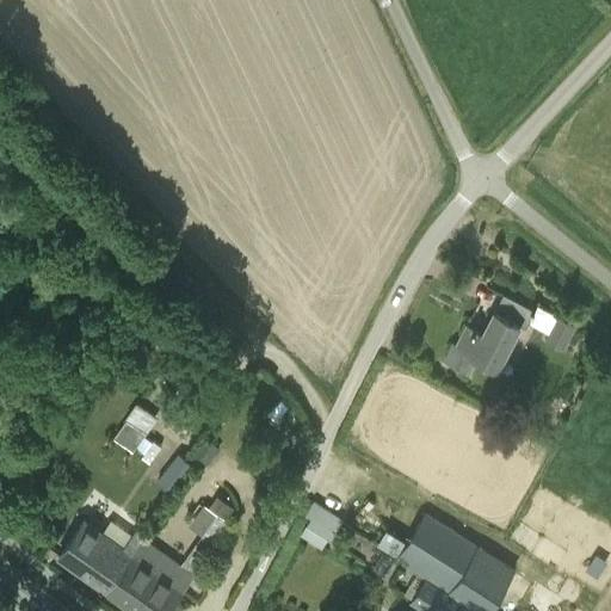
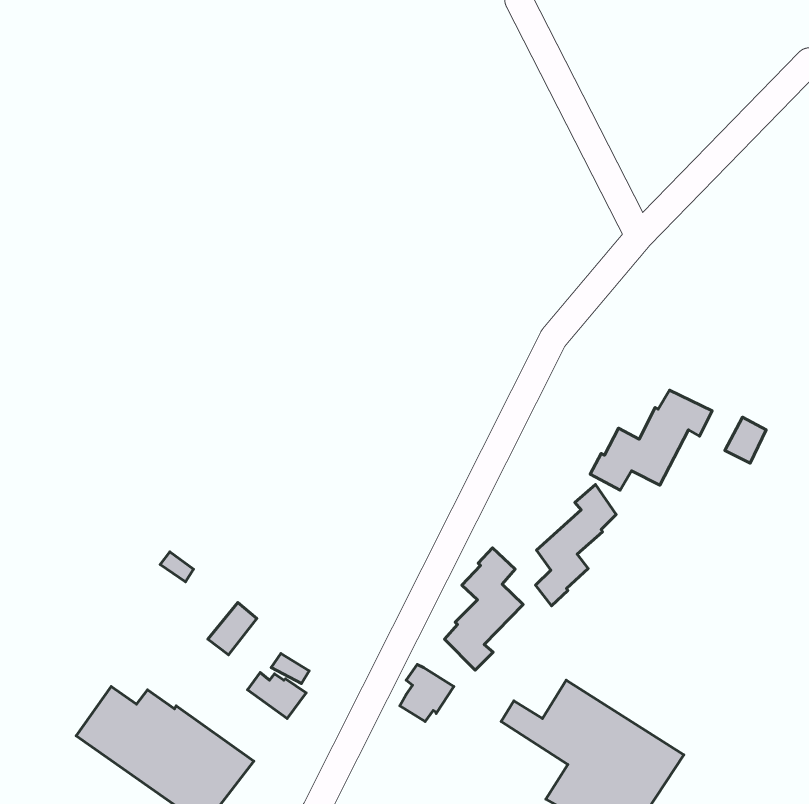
building: none -> [536,484,616,606]
building: none -> [444,548,523,670]

